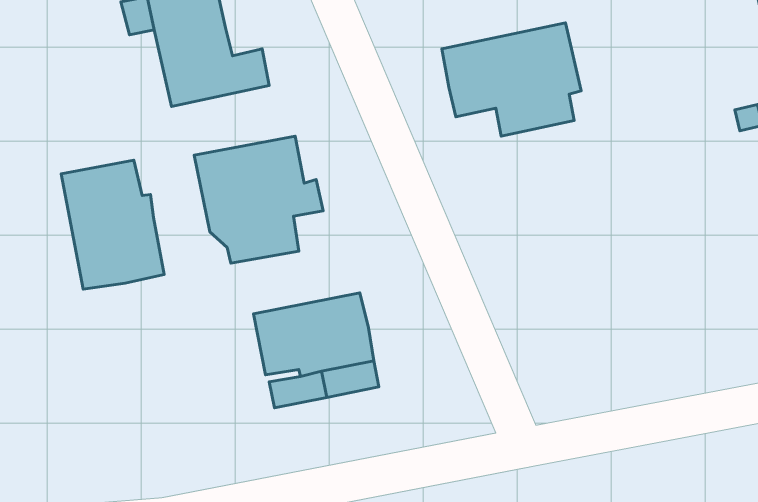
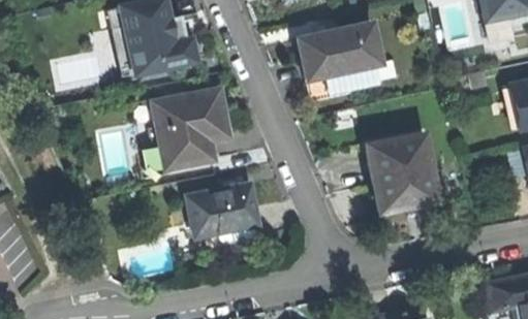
building: [61,160,164,289] -> none
building: none -> [369,134,436,211]

